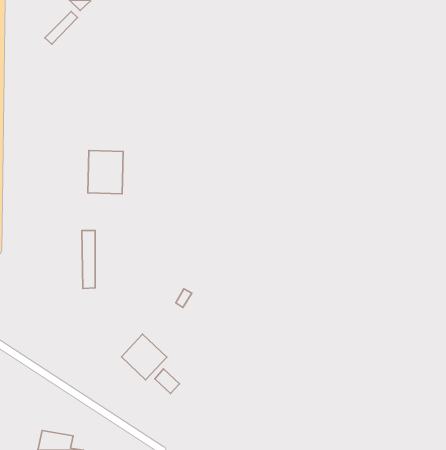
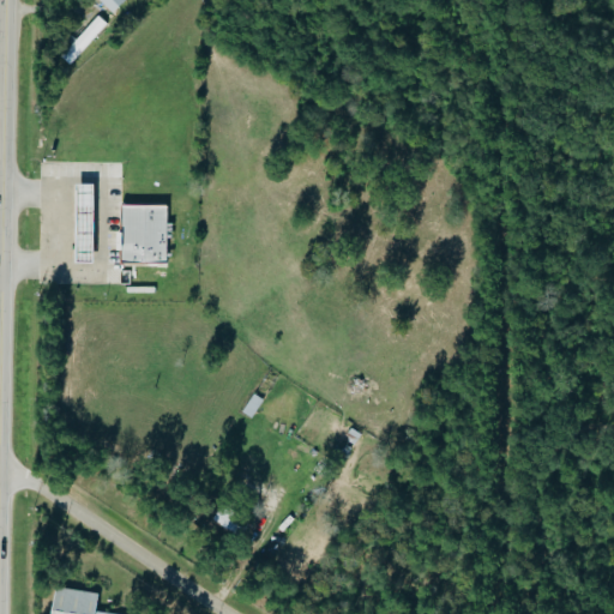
building: [82,230,95,289] -> [77,185,95,264]
building: [121,334,167,380] -> none

